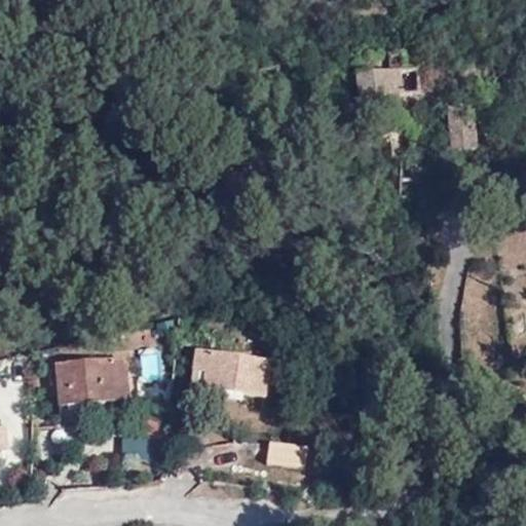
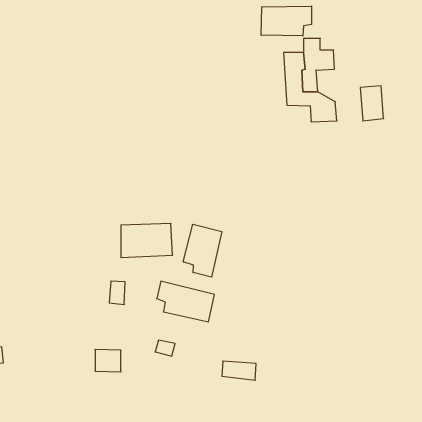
building: none -> [261,6,312,36]
building: none -> [183,224,222,277]
building: [59,359,122,401] -> [121,223,173,258]

